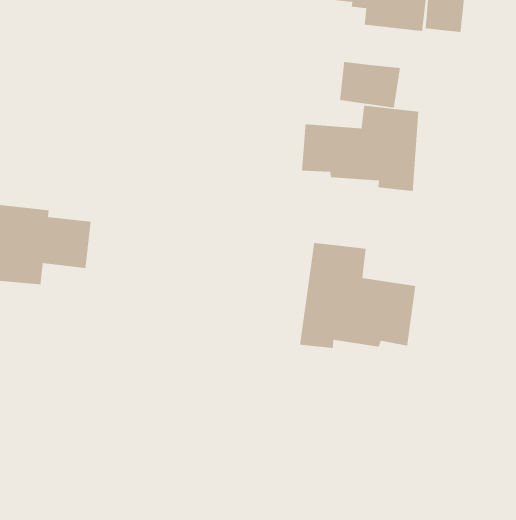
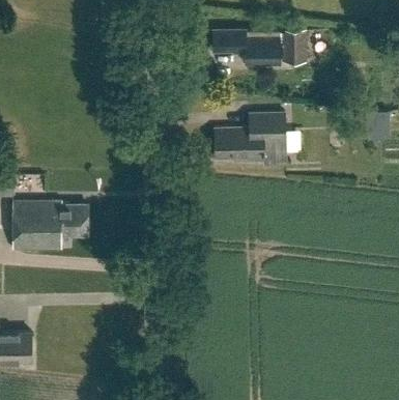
building: [339,61,401,108] -> none
building: [299,242,416,349] -> none

